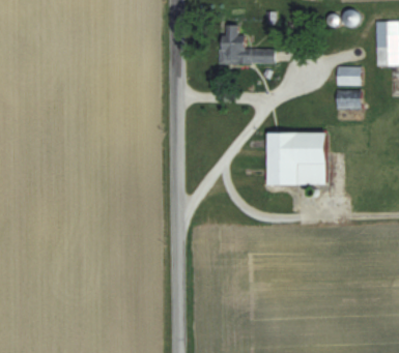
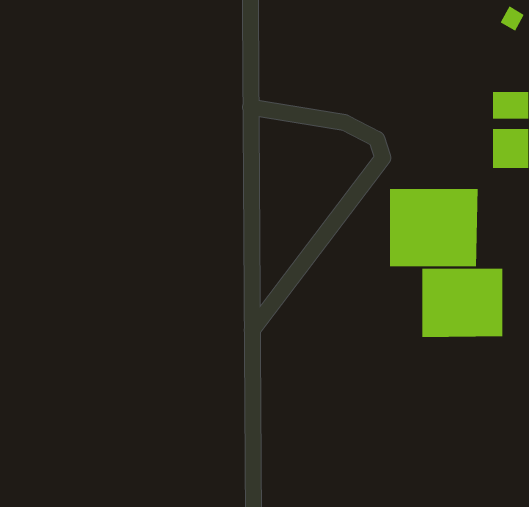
building: [220,24,276,63] -> none
building: none -> [422,268,503,338]

